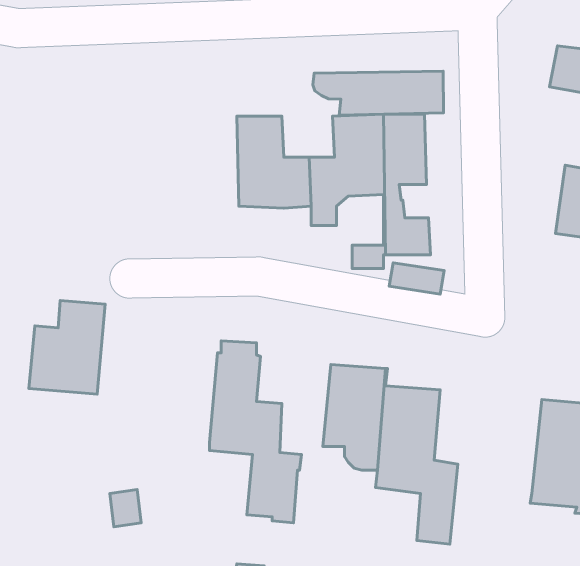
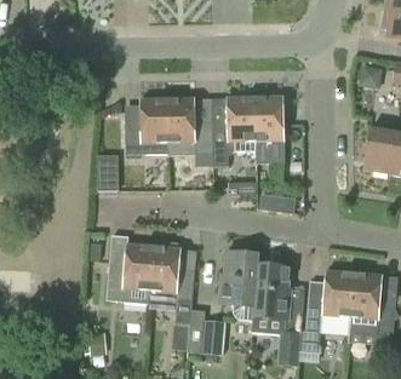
building: [313,71,443,115] -> none
building: none -> [124,98,166,154]
building: [29,300,105,394] -> [105,242,153,300]
building: none -> [303,270,354,349]
building: none -> [200,317,224,351]

